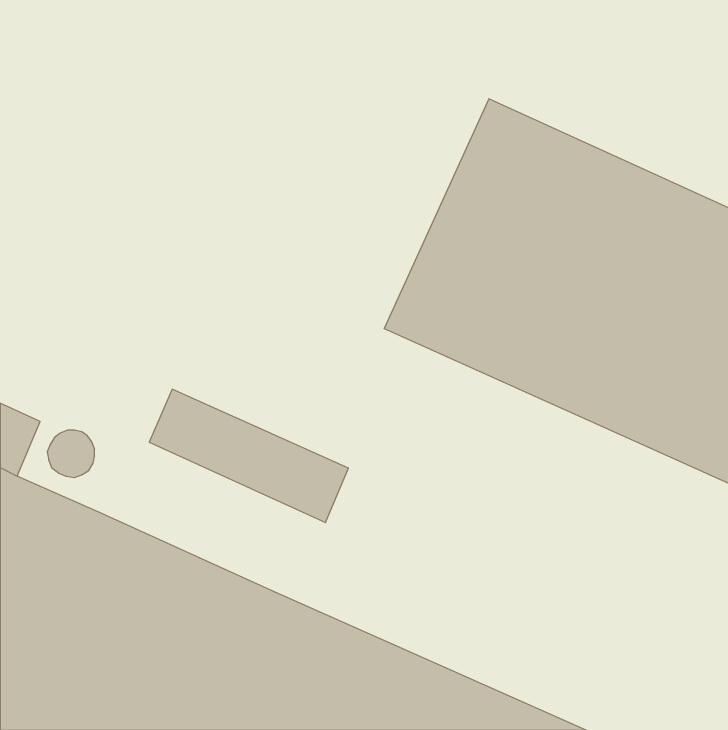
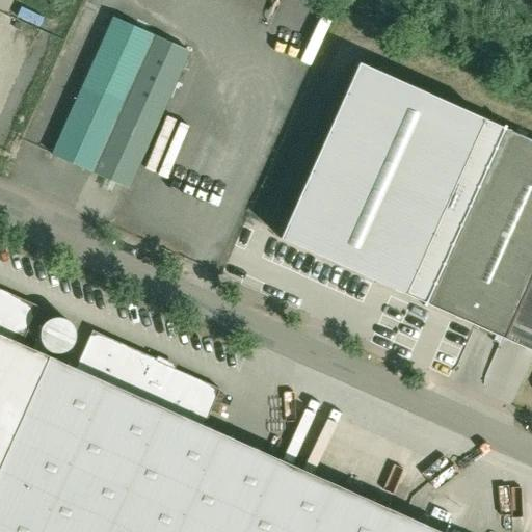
building: none -> [49,16,194,186]
building: [149,389,348,523] -> [75,332,219,429]

